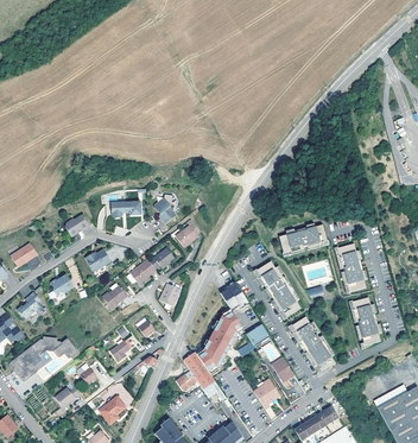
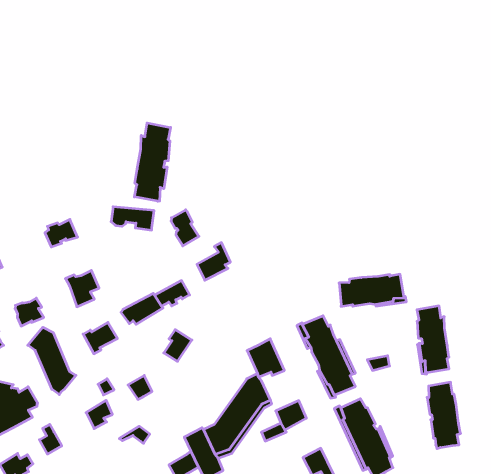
building: none -> [134,123,171,201]
building: none -> [28,327,76,395]

